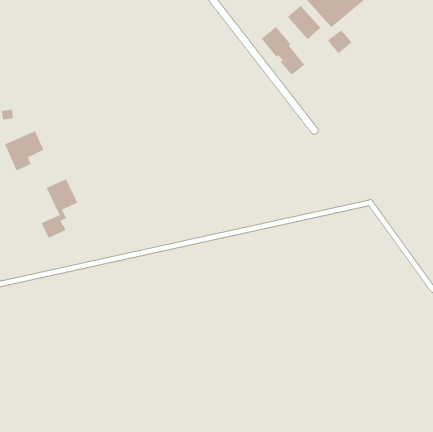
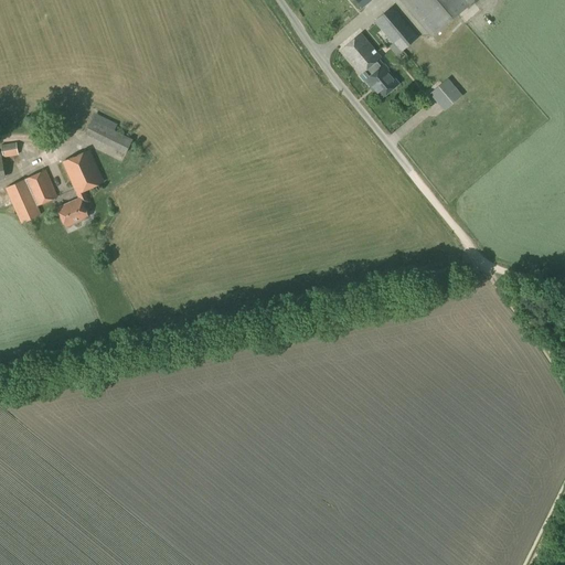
building: [327,30,353,54] -> [429,78,462,110]
building: none -> [86,119,132,153]
building: [41,178,78,239] -> [55,150,104,228]

